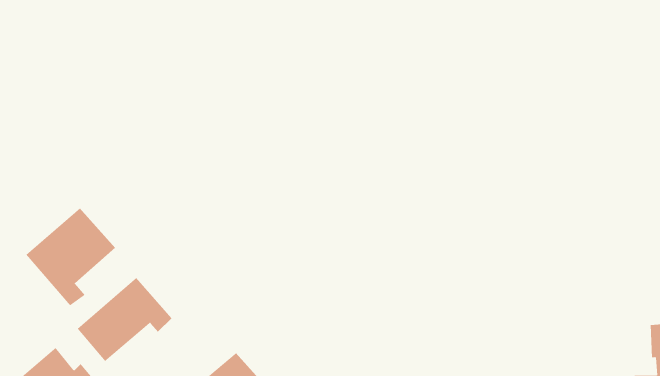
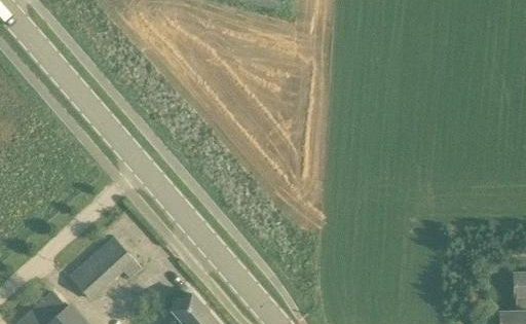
building: [26,207,116,306] -> none

